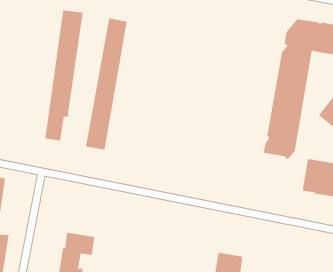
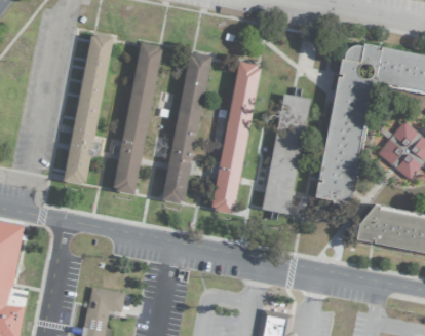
building: none -> [163,52,210,203]
building: none -> [214,63,258,215]
building: none -> [263,95,309,215]

